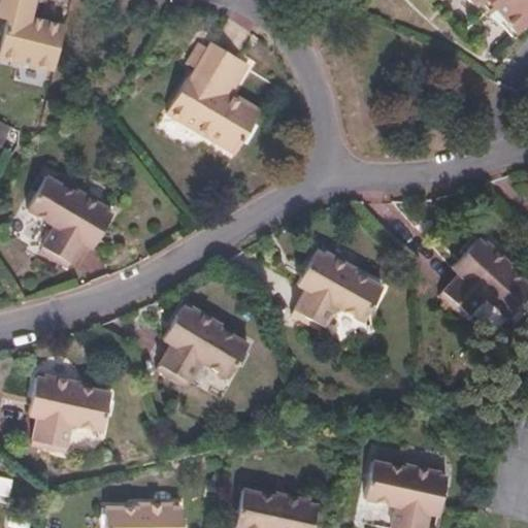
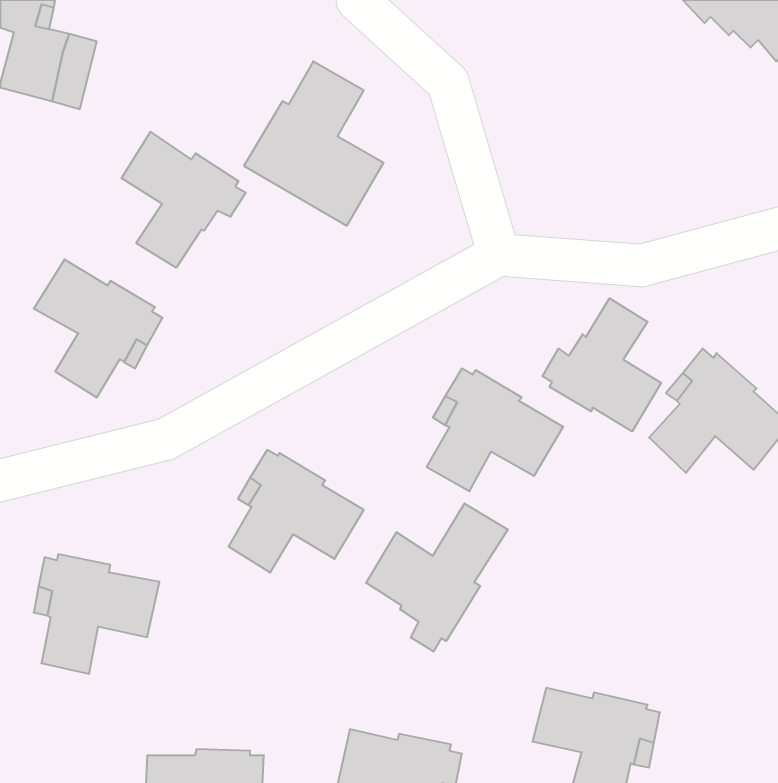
building: none -> [121,132,246,268]
building: none -> [543,298,661,431]
building: none -> [366,503,508,652]

